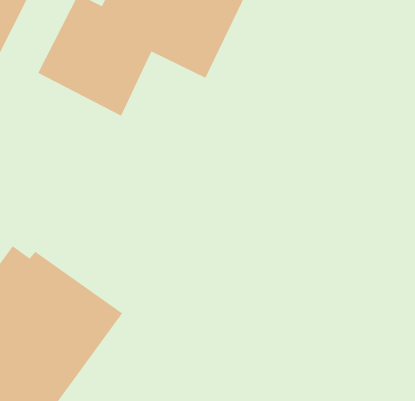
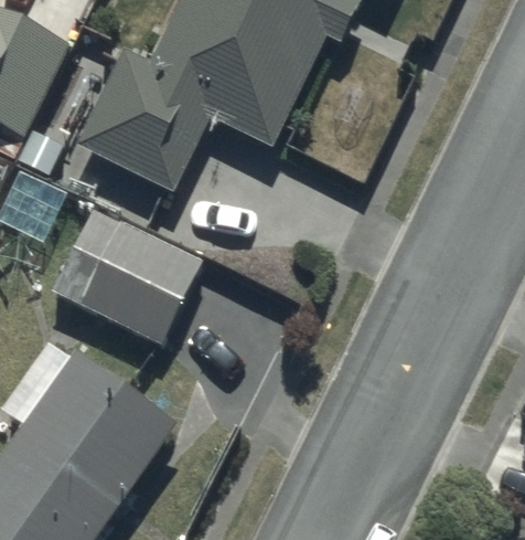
building: none -> [64,205,203,346]

